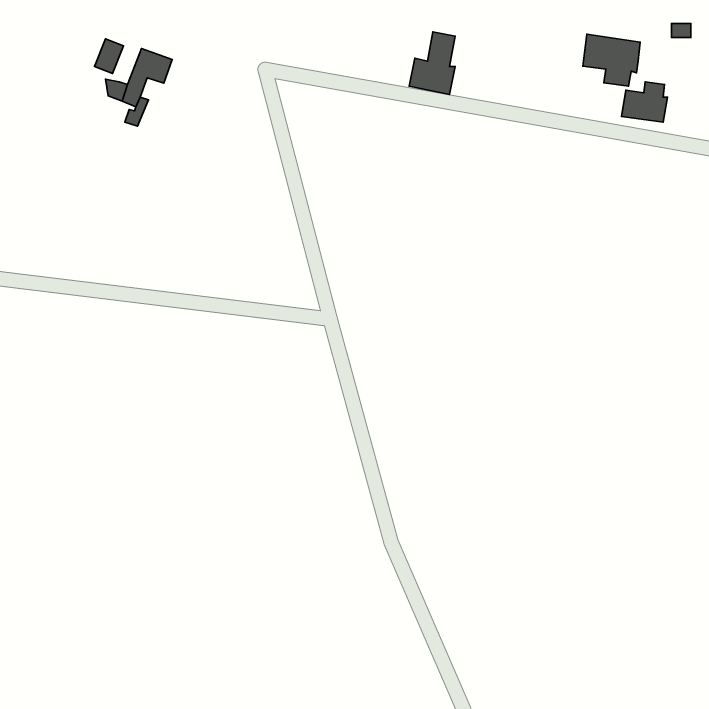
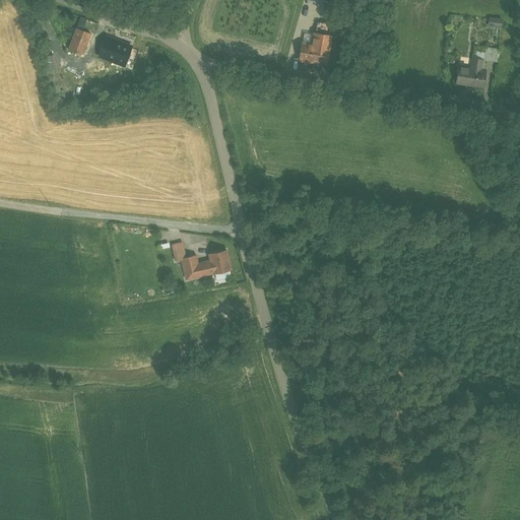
building: [583,34,640,86] -> none
building: none -> [182,249,231,279]

